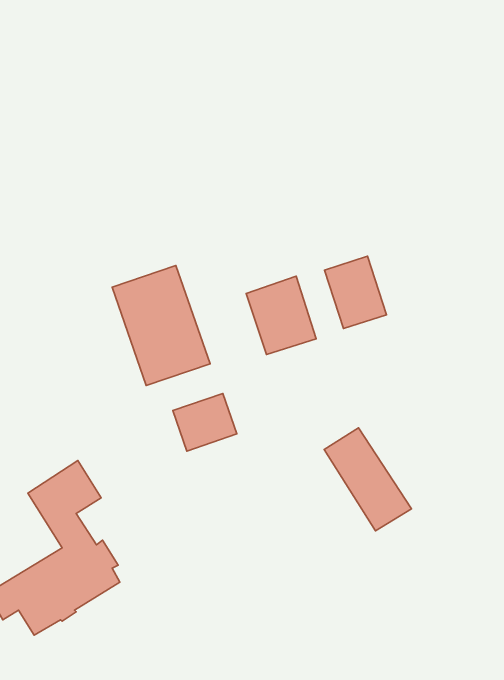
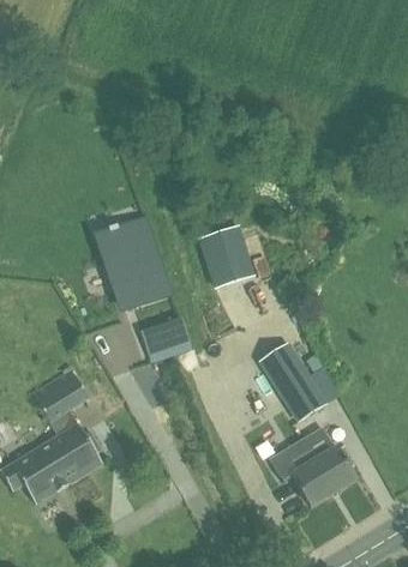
building: [325,256,387,329] -> none
building: none -> [269,427,356,506]

